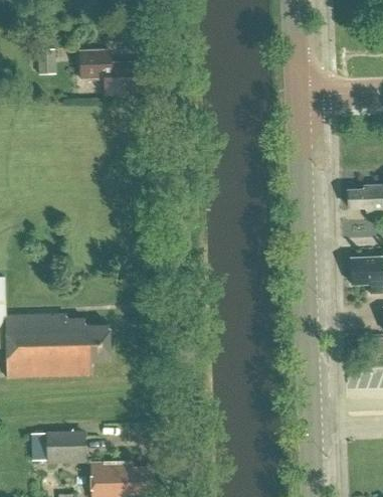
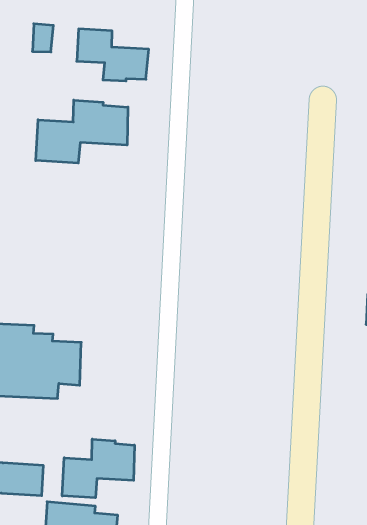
building: none -> [36,100,128,163]
building: none -> [62,439,134,498]

